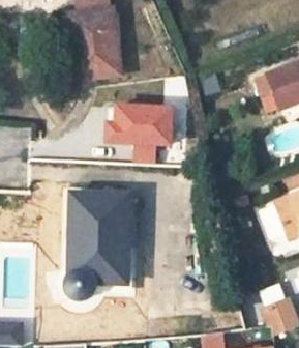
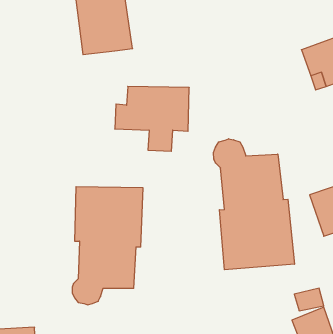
building: none -> [213,139,294,270]

